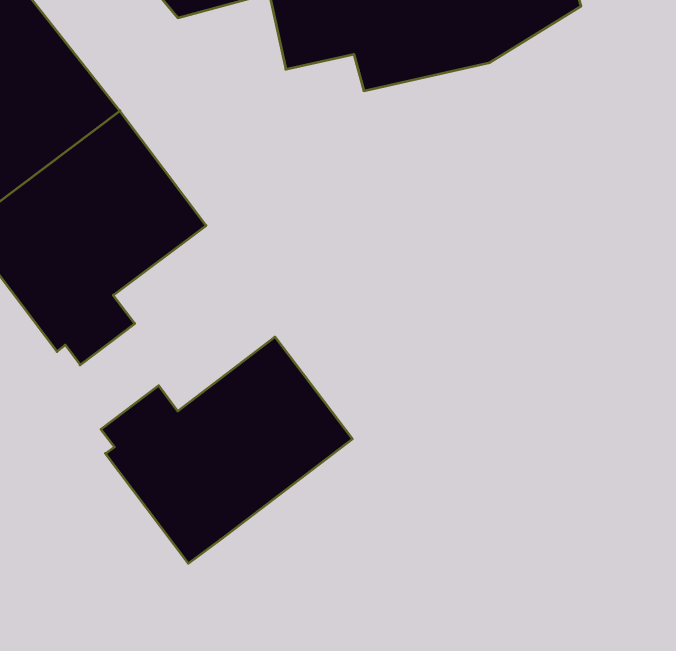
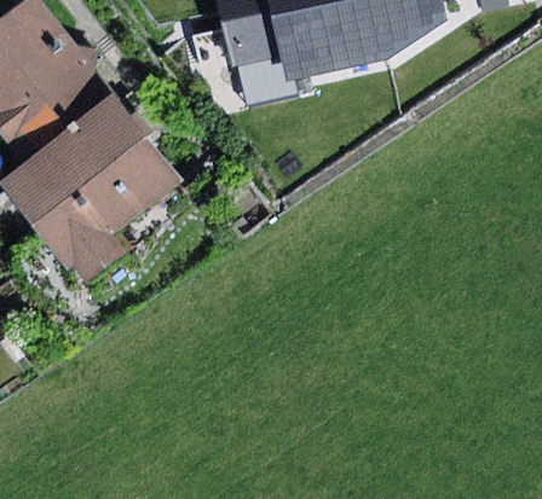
building: [101,337,352,563] -> none

